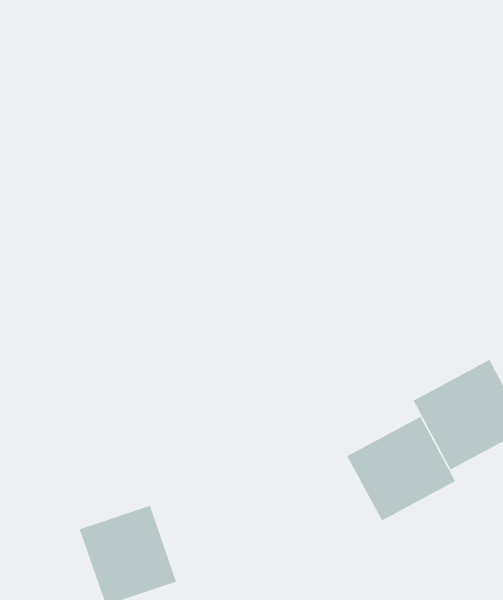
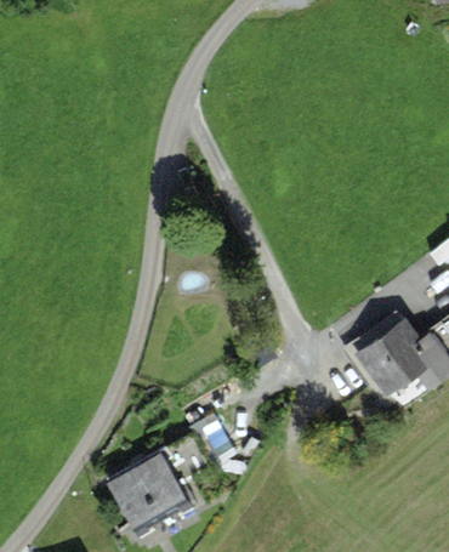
building: [347,416,456,521] -> none

